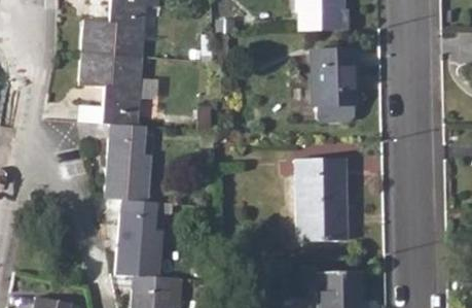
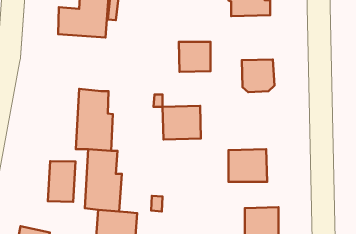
building: [313,48,353,87] -> [179,42,211,72]
building: [80,54,142,126] -> none
building: [296,158,344,200] -> [163,106,201,139]
building: none -> [48,161,76,202]

